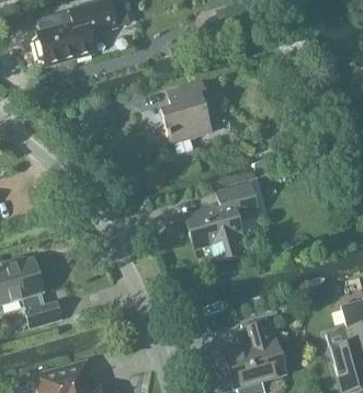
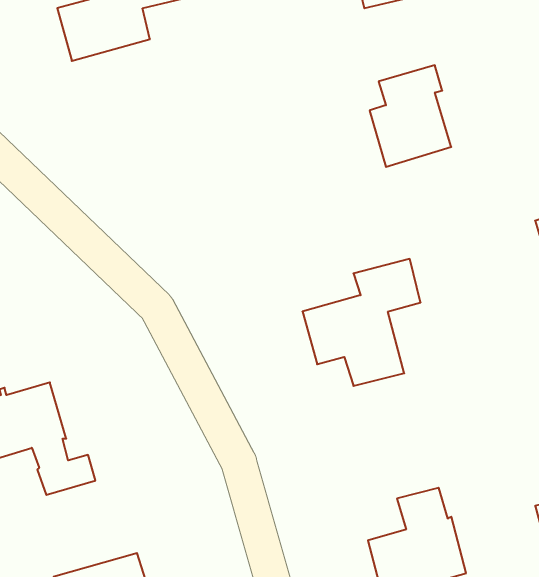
building: [161,81,211,142] -> [370,65,451,167]

